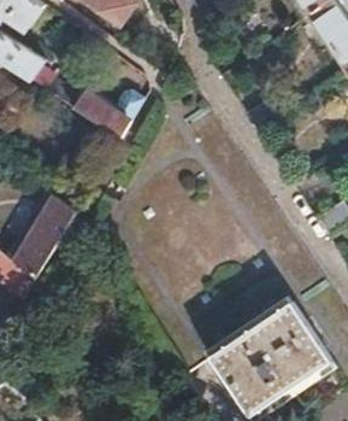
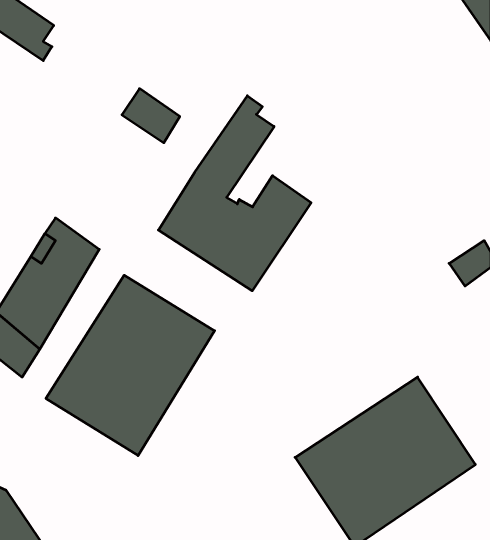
building: none -> [158,96,311,291]
building: none -> [46,275,215,456]

